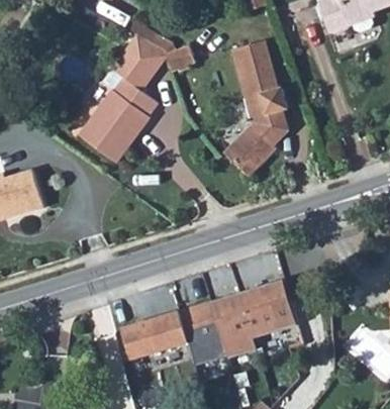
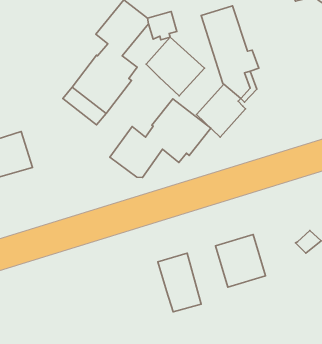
building: none -> [146,37,204,96]
building: none -> [110,99,211,178]
building: [210,293,257,360] -> none
building: [121,310,188,357] -> none

